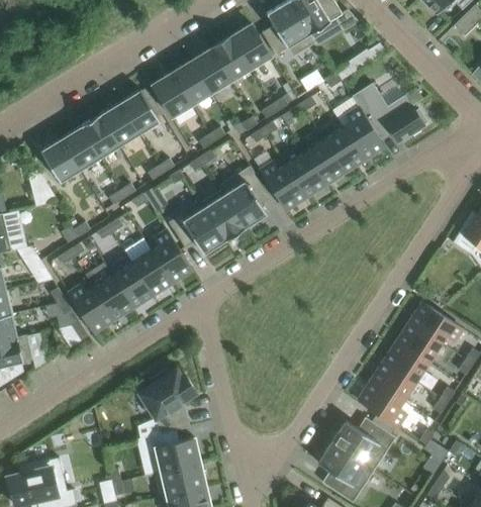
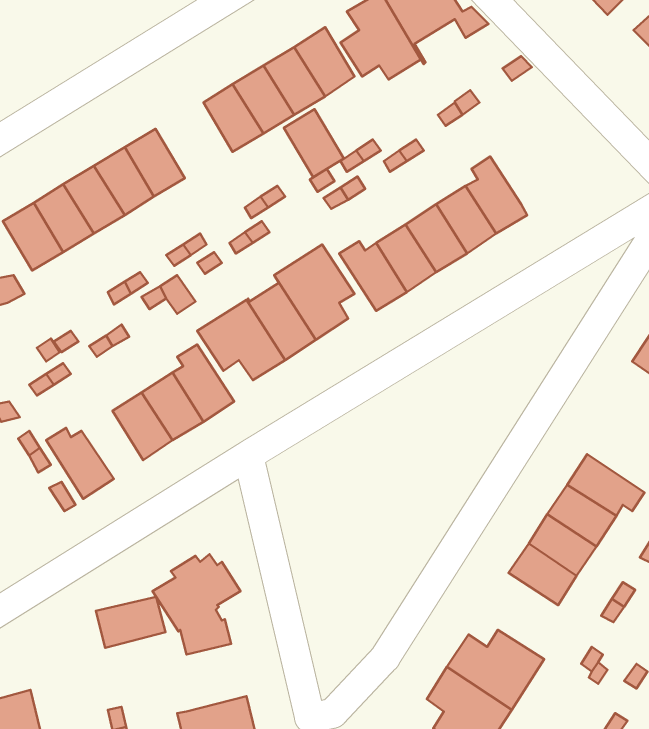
building: [152,73,191,117] -> [284,109,344,177]
building: [352,83,426,142] -> none
building: [92,275,132,319] -> none
building: [359,381,404,425] -> none
building: [155,438,200,472] -> [96,597,165,648]

